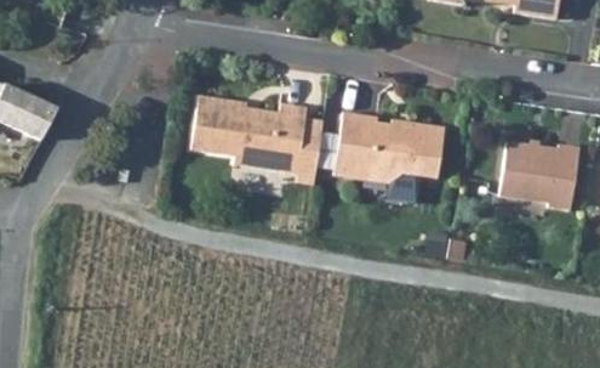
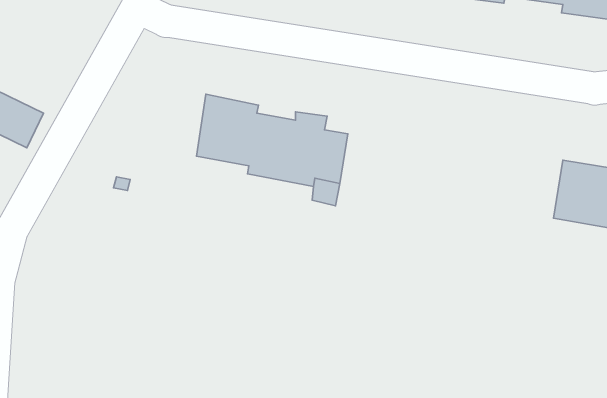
building: [338,114,445,185] -> none

